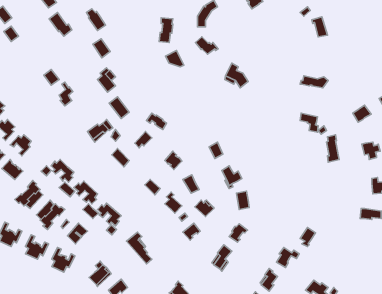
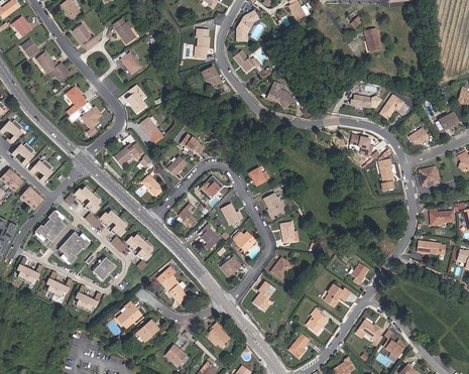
building: none -> [36,50,69,80]
building: none -> [380,91,415,118]

